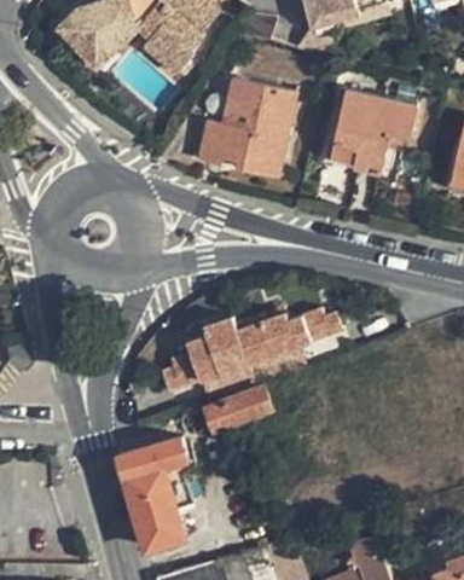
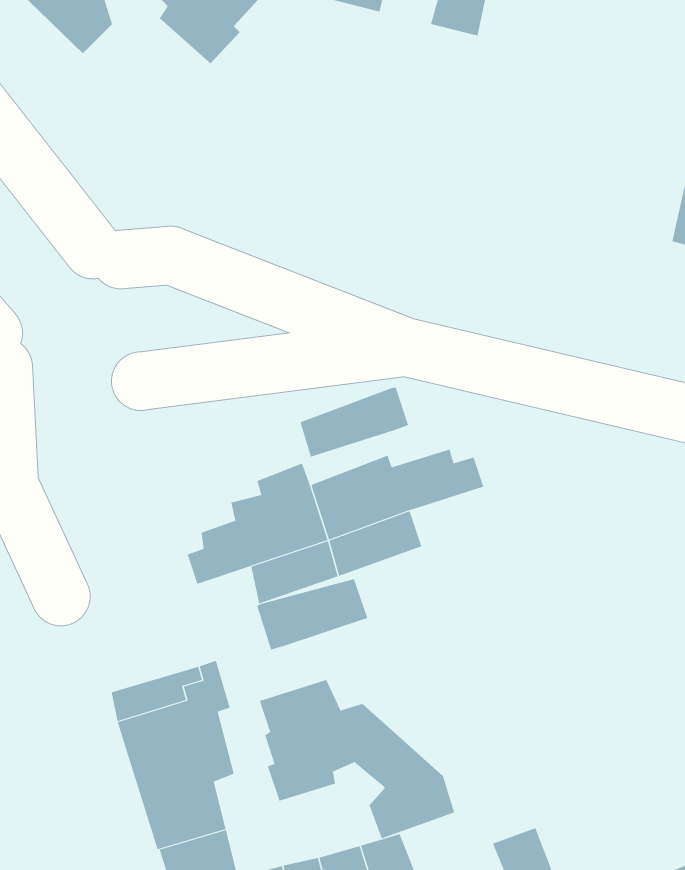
building: [201,81,296,175] -> none
building: [334,89,417,173] -> none
building: none -> [300,387,409,458]
building: none -> [259,679,455,839]

